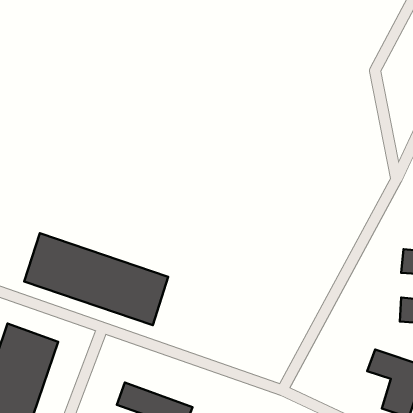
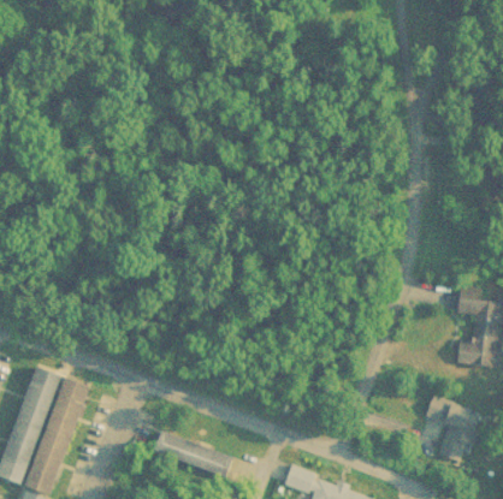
building: [24,233,168,325] -> none

